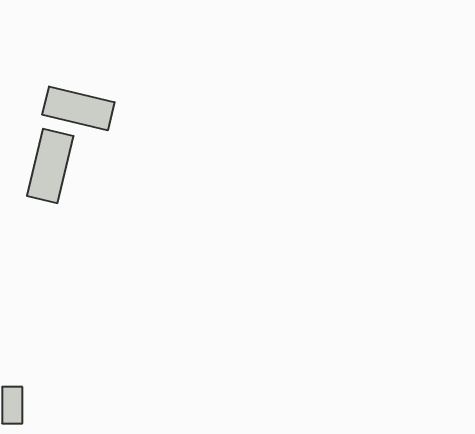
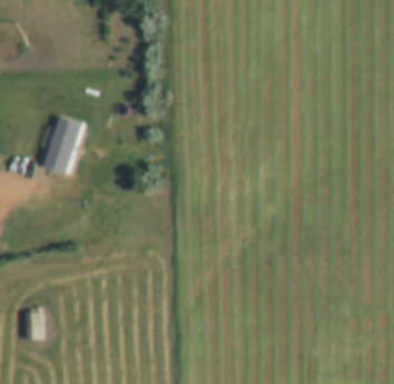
building: [42,86,115,130] -> none

